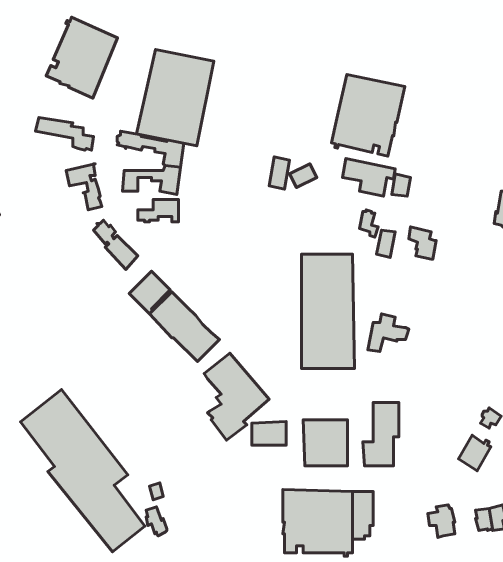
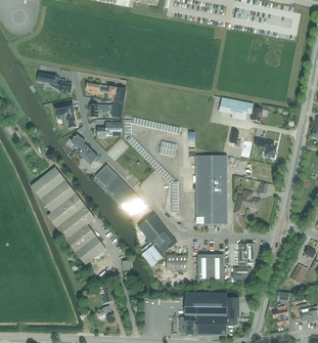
building: [46,17,118,98] -> none
building: [137,49,214,146] -> none
building: [331,74,405,156] -> none
building: [20,390,145,552] -> [30,166,104,263]

